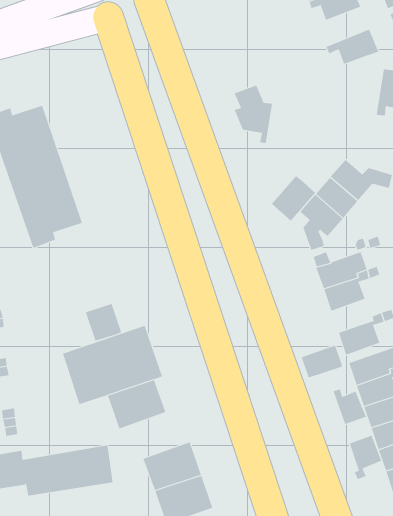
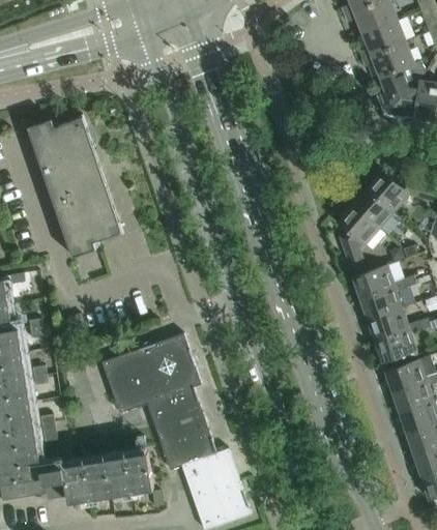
building: none -> [359,20,406,59]
building: [234,85,273,144] -> [380,68,418,126]
building: [271,175,316,221] -> none
building: [85,303,122,341] -> none
building: [301,345,343,378] -> [368,307,409,341]
building: [333,389,367,425] -> none
building: none -> [158,419,217,470]
building: [349,435,382,480] -> none

